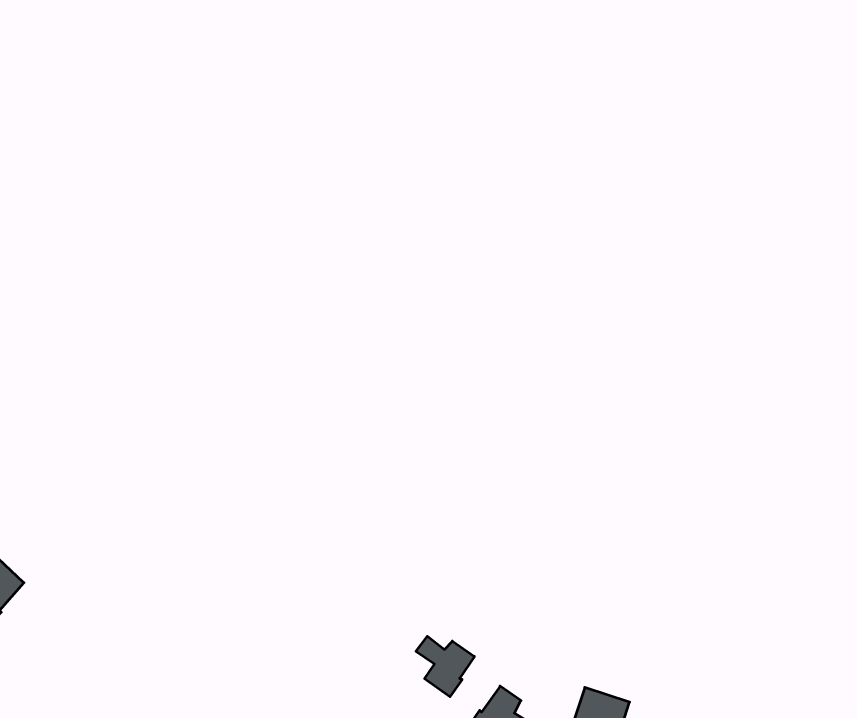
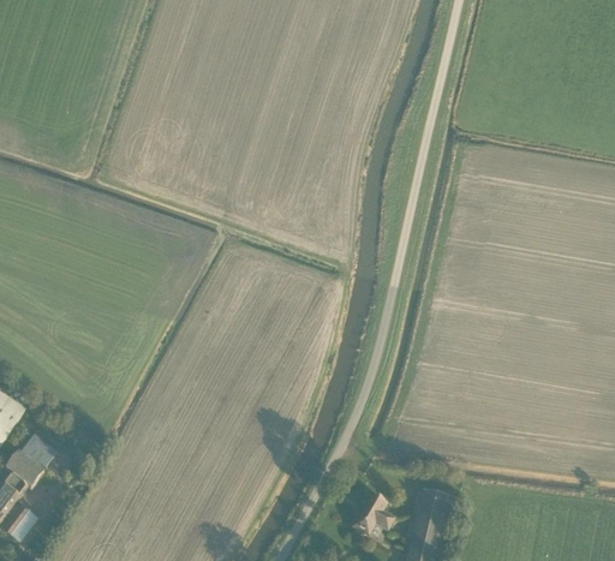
building: [416,636,474,697] -> none

